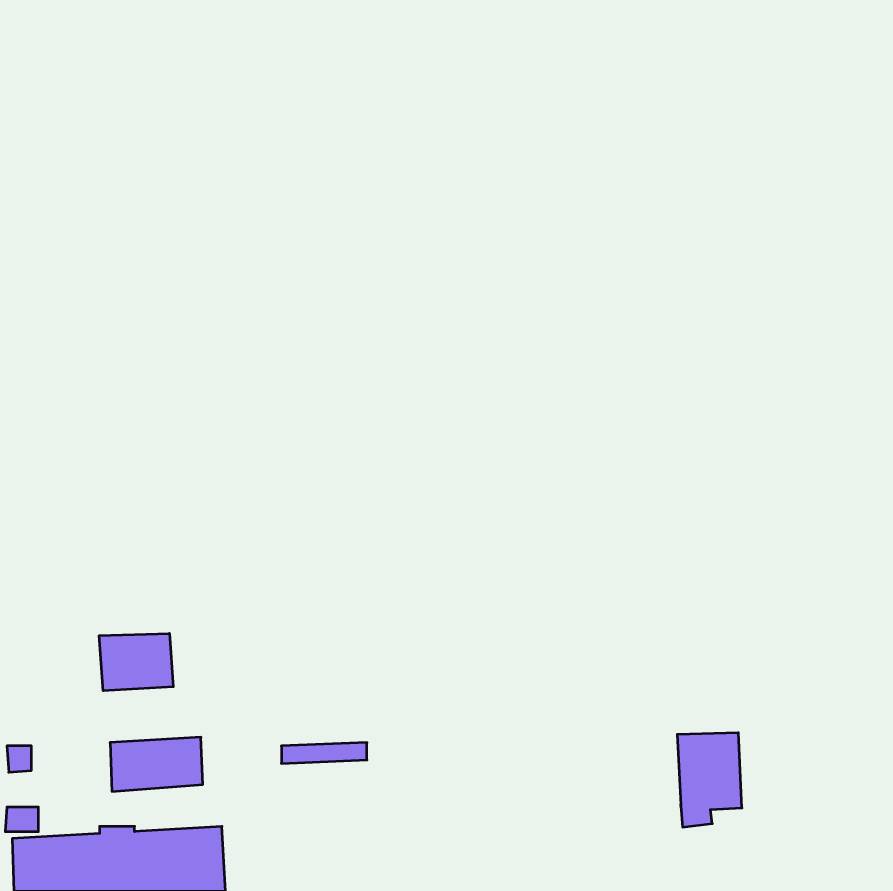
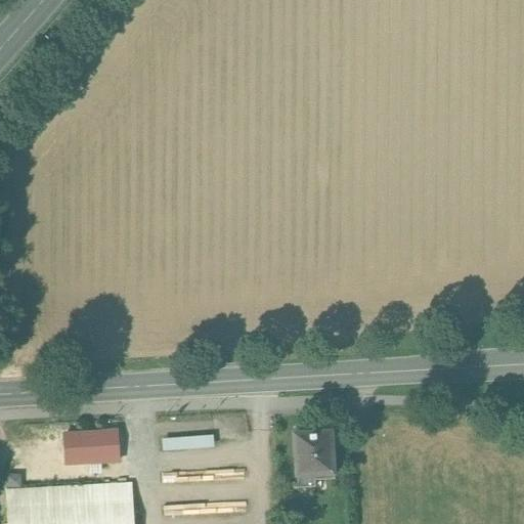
building: [99,633,173,691] -> none
building: [677,733,742,827] -> [295,433,333,488]

